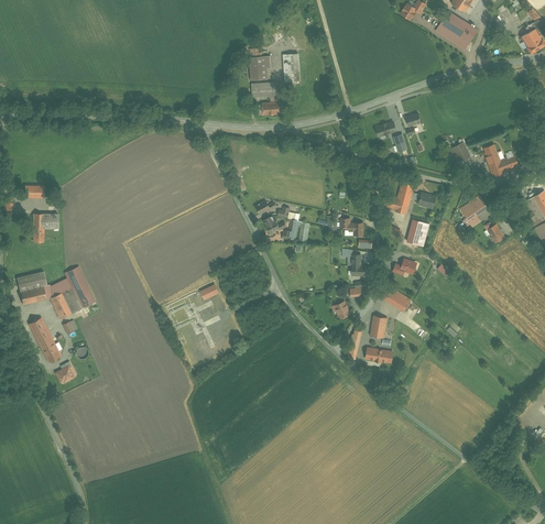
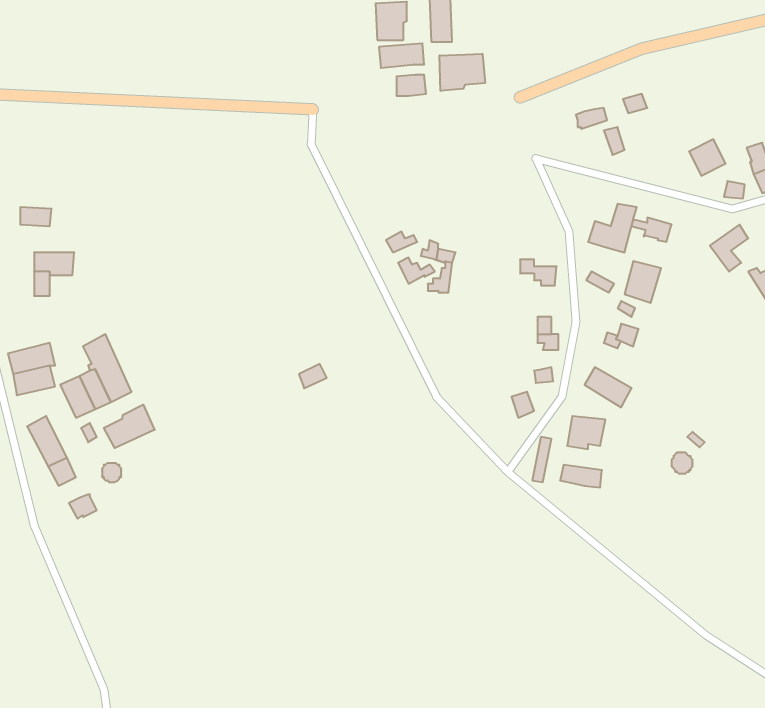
building: none -> [440,54,485,91]
building: none -> [104,405,155,448]

